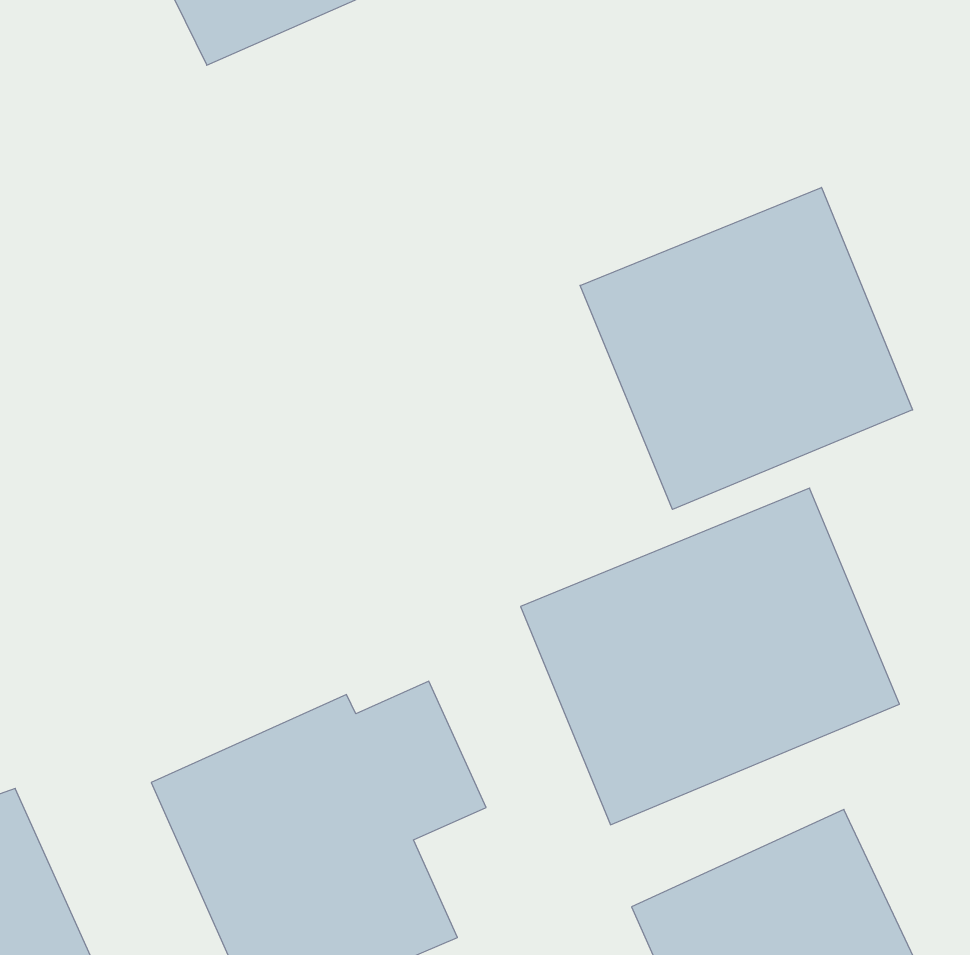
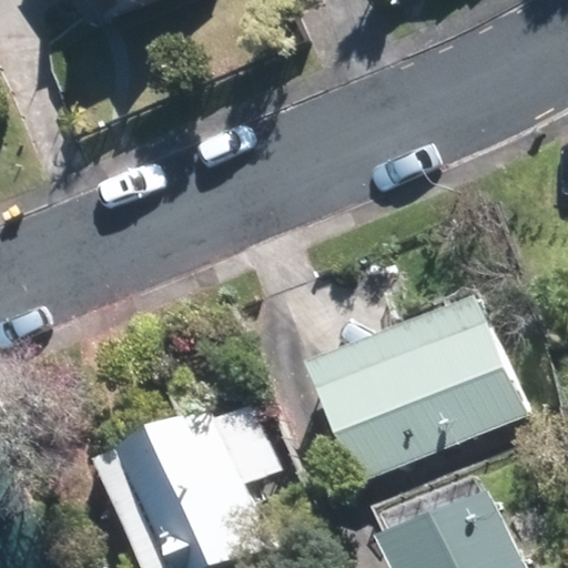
building: [580,187,913,509] -> none

